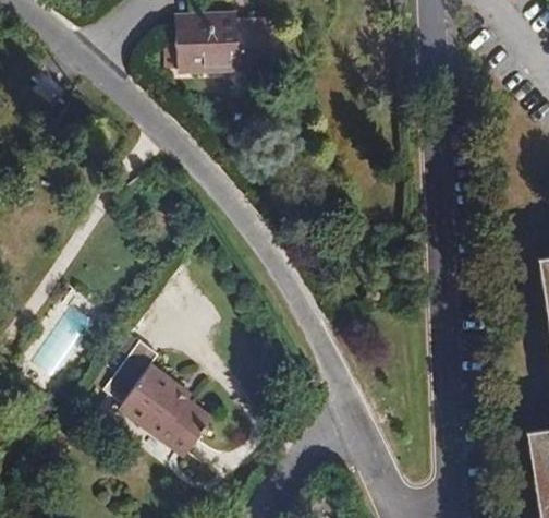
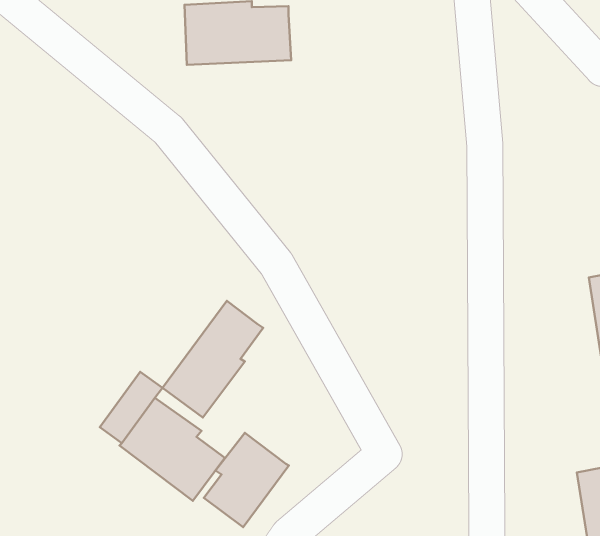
building: none -> [162,301,263,418]
building: none -> [204,433,289,527]

